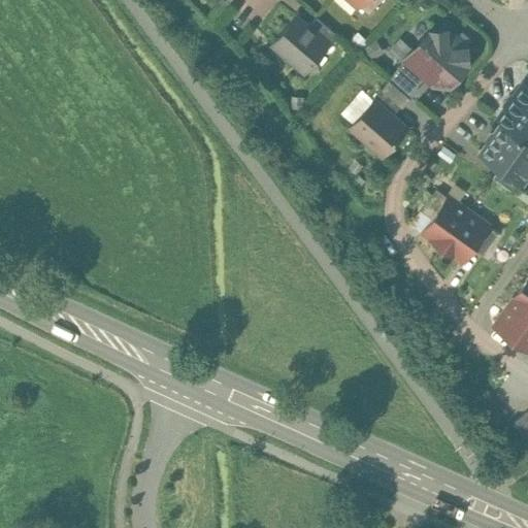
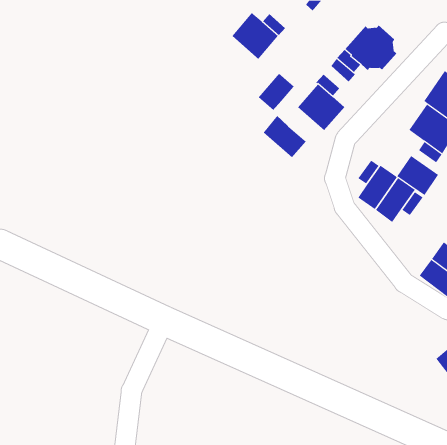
building: none -> [258,73,294,111]
building: none -> [263,115,307,158]
building: none -> [397,155,439,196]

